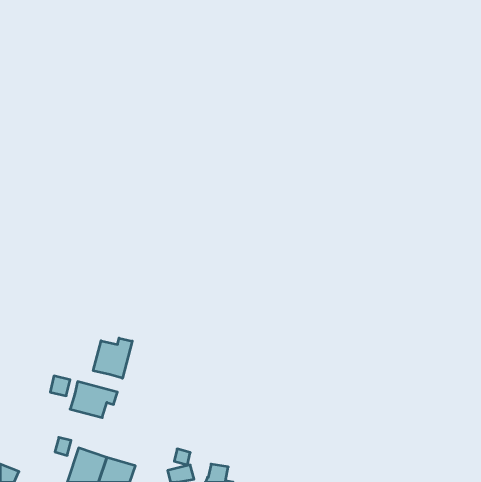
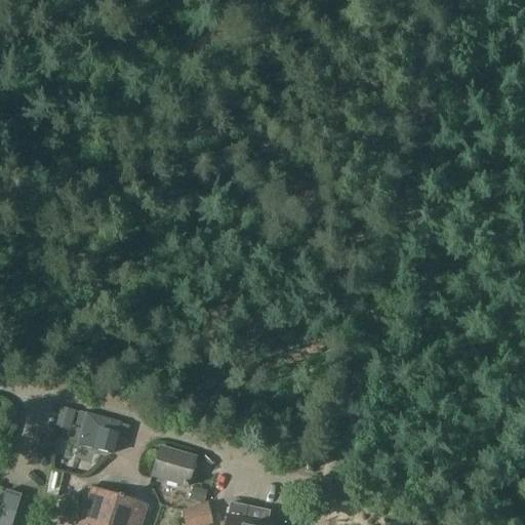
building: [93,338,132,378] -> none
building: none -> [151,445,198,487]

